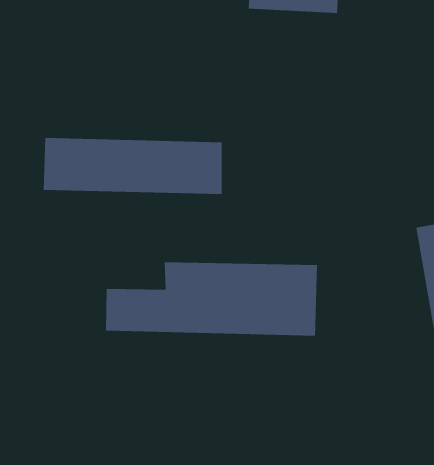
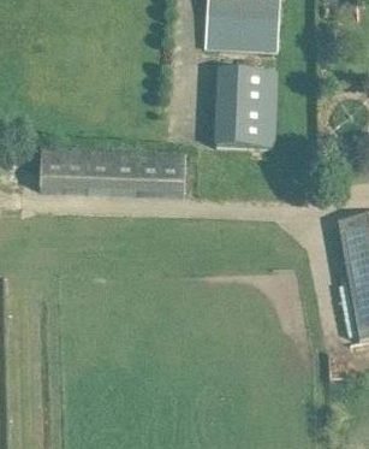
building: none -> [214,66,279,146]
building: [106,262,317,336] -> none

